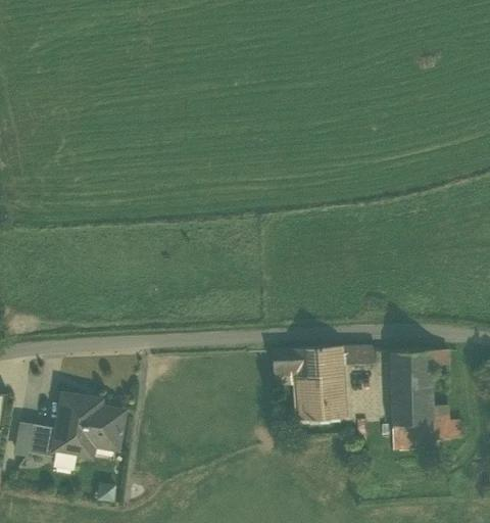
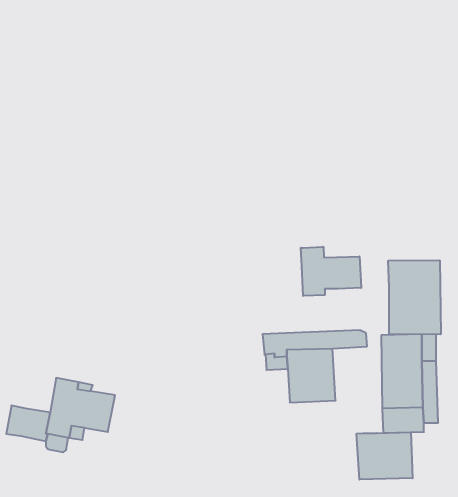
building: none -> [301,247,361,296]
building: none -> [388,260,441,334]
building: none -> [357,432,413,480]

